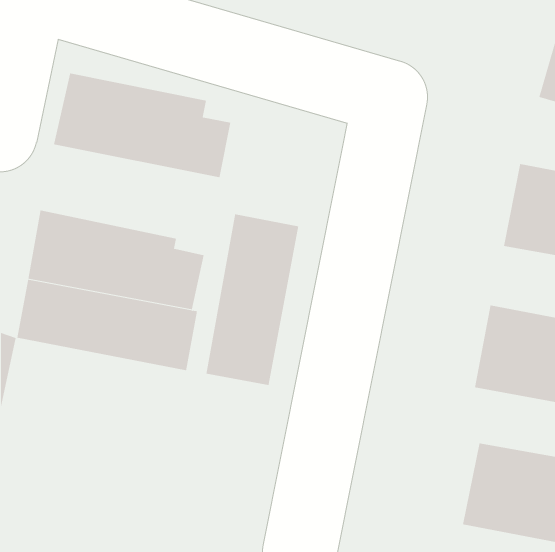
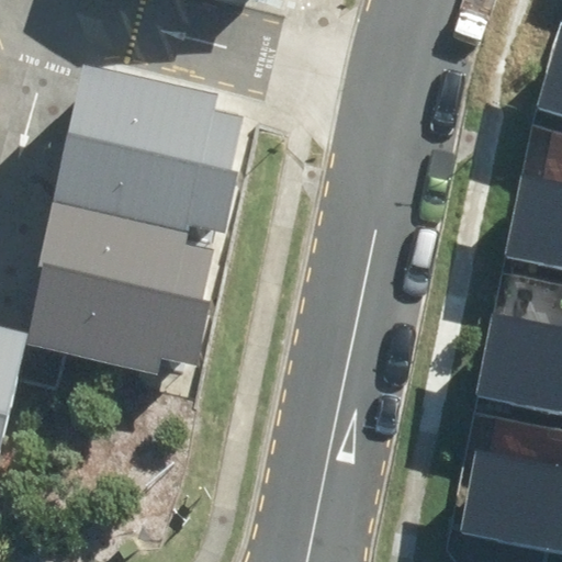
building: none -> [49,144,234,237]
building: [206,214,299,386] -> none

